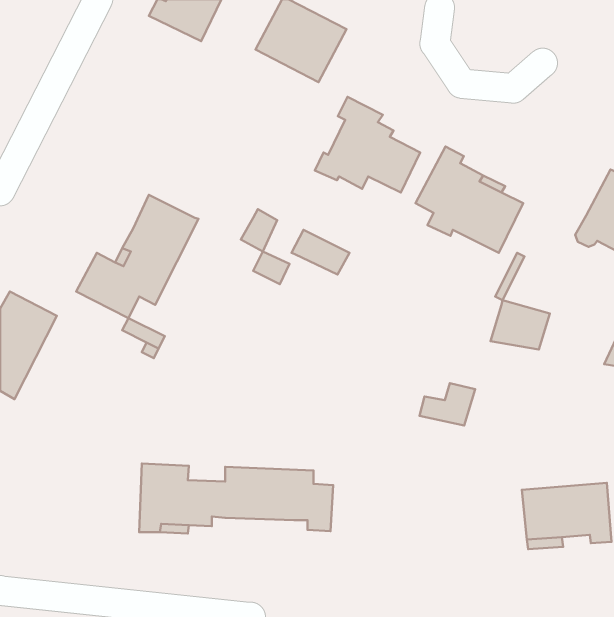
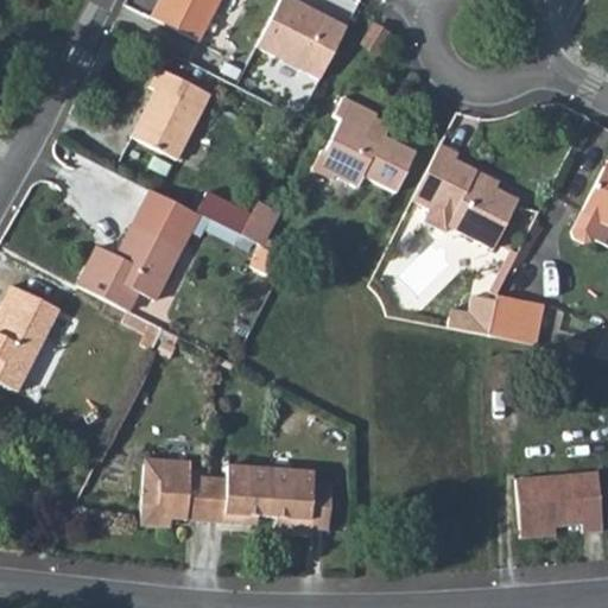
building: none -> [133,68,210,159]
building: [291,230,349,275] -> [196,191,253,235]
building: [419,383,475,426] -> [442,293,496,335]

